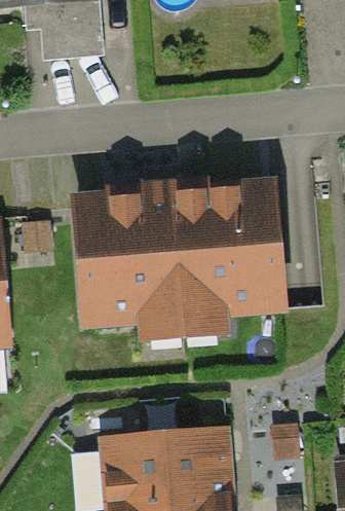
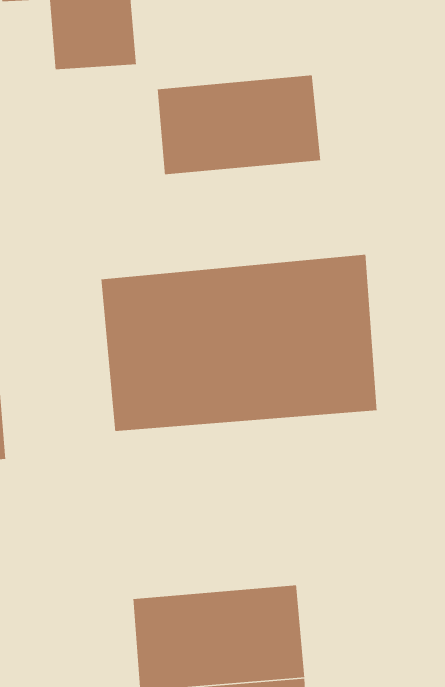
building: none -> [157,75,321,175]

